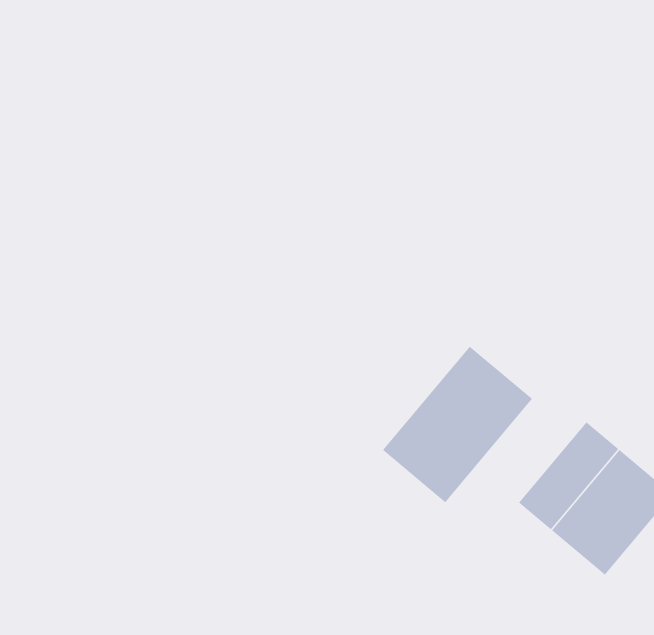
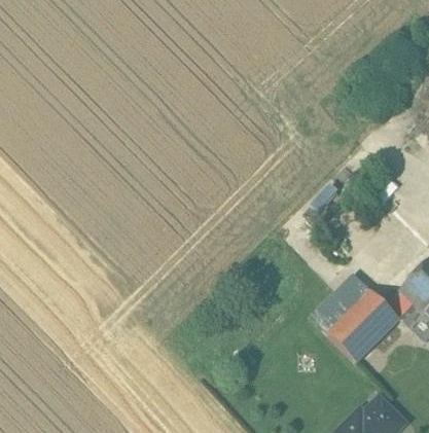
building: [382,346,533,503] -> none

